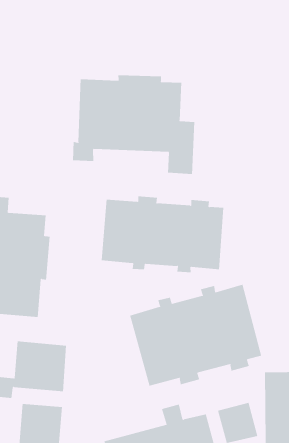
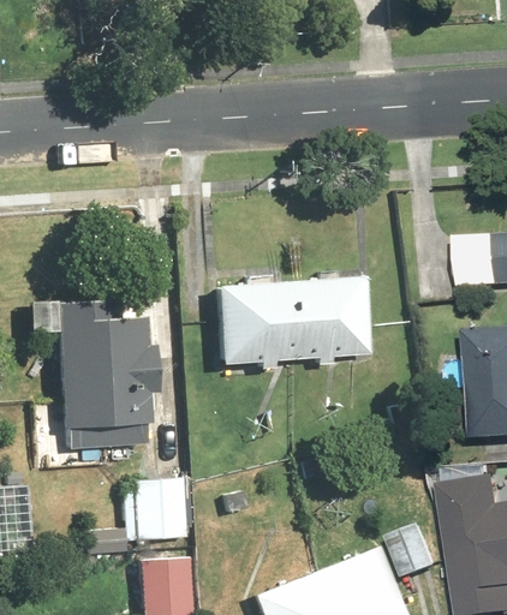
building: [72,74,195,175] -> none
building: [130,284,262,386] -> none

